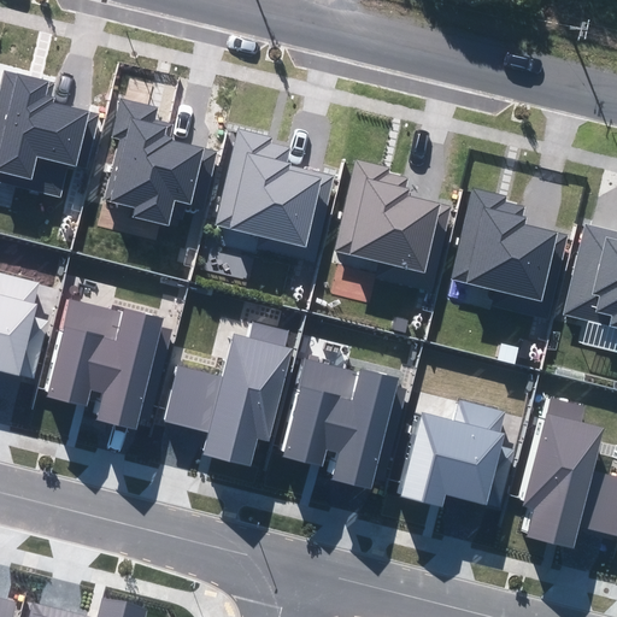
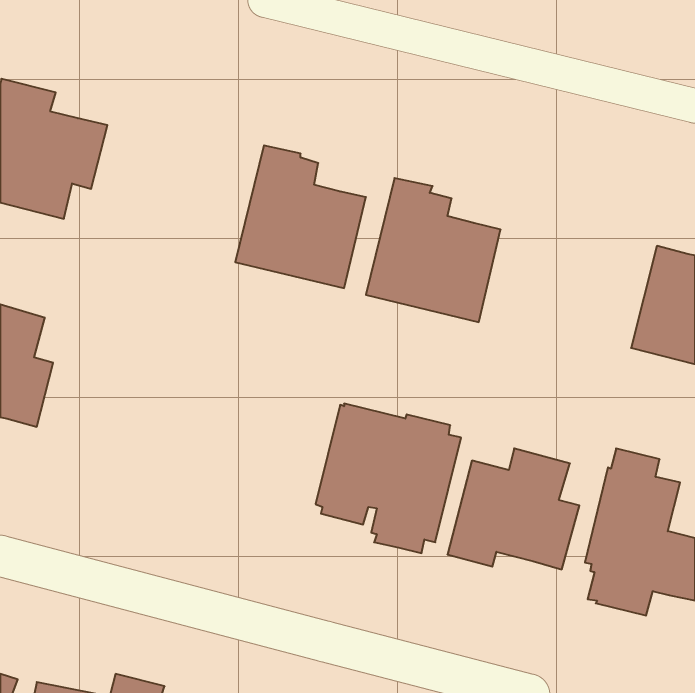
building: [104,98,213,224] -> none
building: [445,182,564,306] -> none
building: [42,299,171,431] -> none
building: [166,322,293,466] -> none

